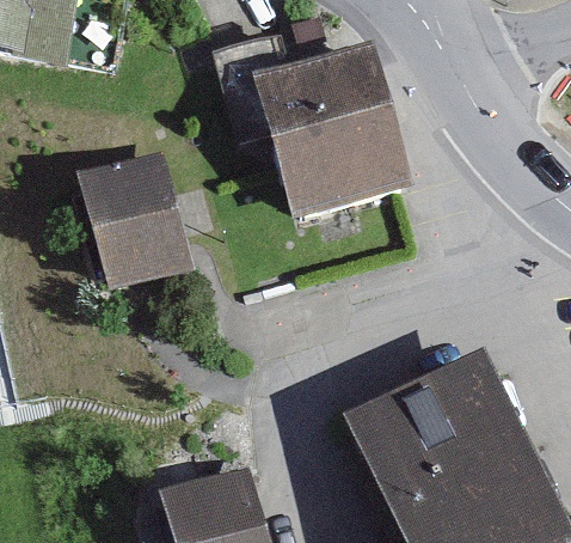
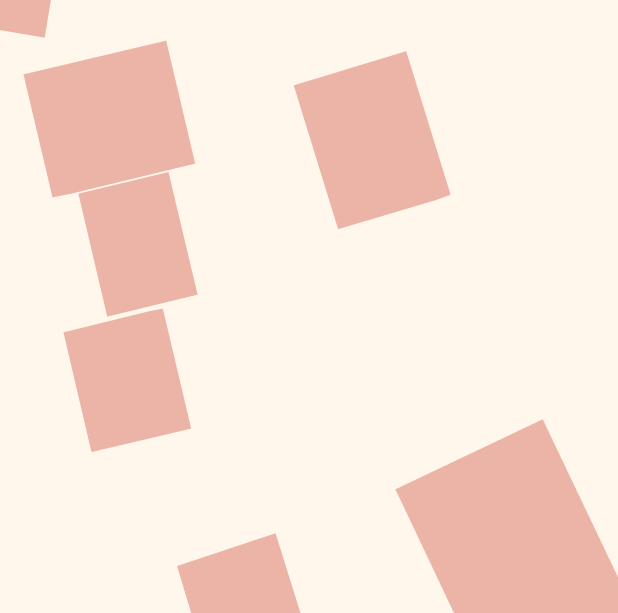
building: none -> [23,40,196,198]
building: none -> [63,308,192,453]

